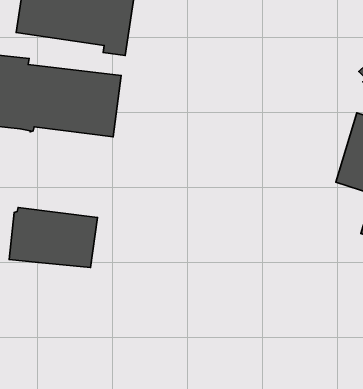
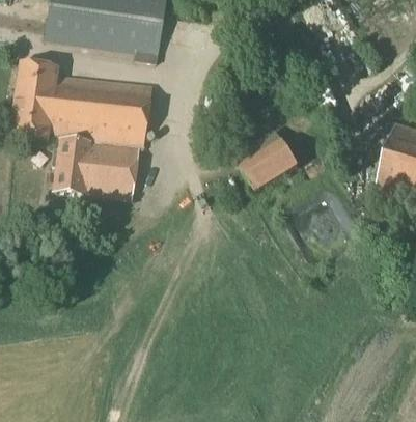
building: none -> [239,138,299,191]
building: [9,207,98,268] -> [52,136,143,198]

